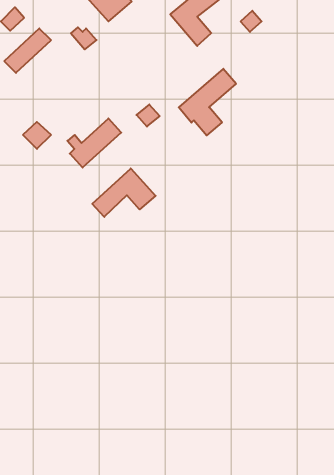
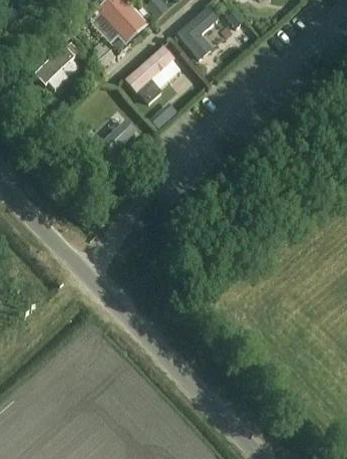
building: [179,69,236,135] -> [124,46,173,103]
building: [92,168,156,217] -> none

